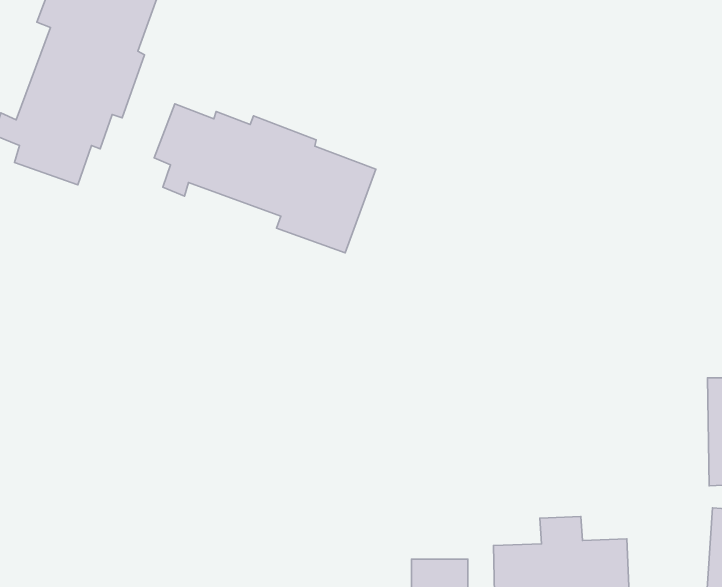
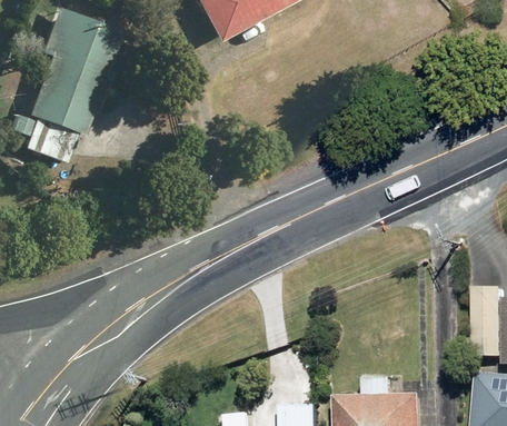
building: [154,104,376,253] -> none

